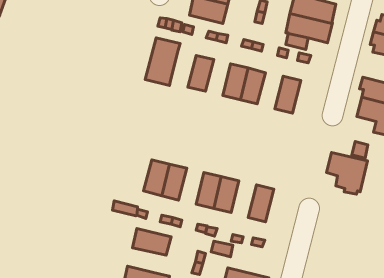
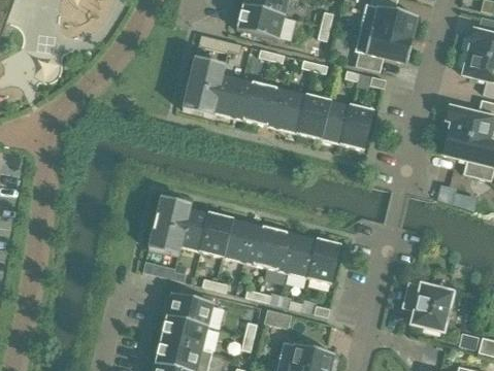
building: none -> [213,73,245,117]
building: none -> [257,83,288,128]
building: none -> [321,100,353,144]
building: none -> [149,196,192,255]
building: [327,153,368,194] -> [402,281,453,333]
building: none -> [224,217,255,262]
building: none -> [289,233,320,278]
building: none -> [161,315,208,348]

